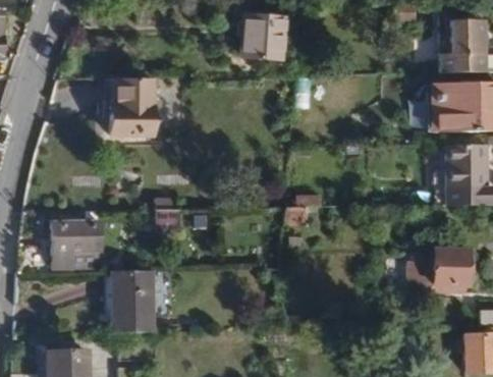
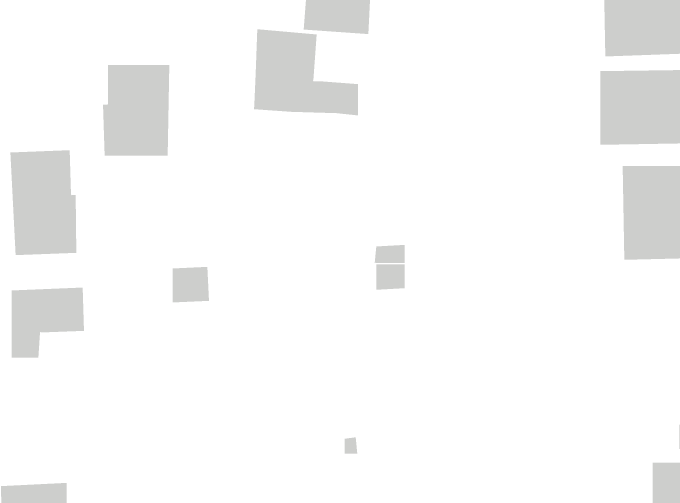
building: none -> [254,29,359,116]
building: none -> [10,150,77,256]
building: [407,249,470,284] -> none
building: [112,271,155,332] -> none

